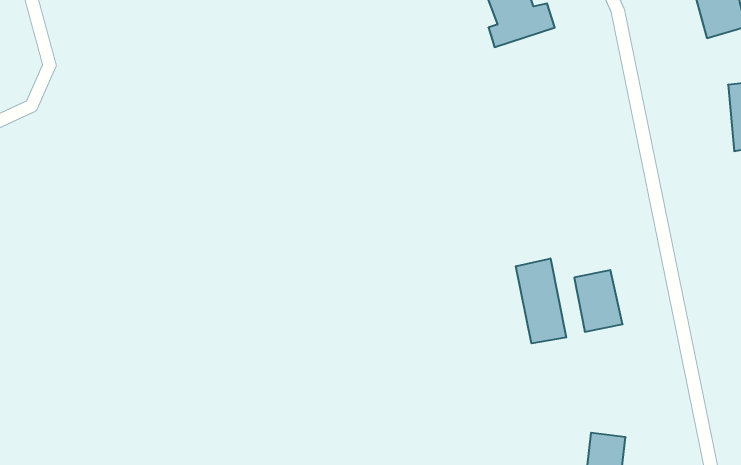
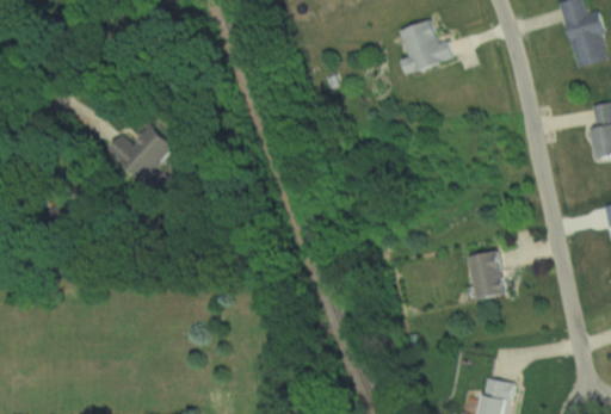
building: none -> [101,129,166,181]
building: [516,258,566,343] -> none

